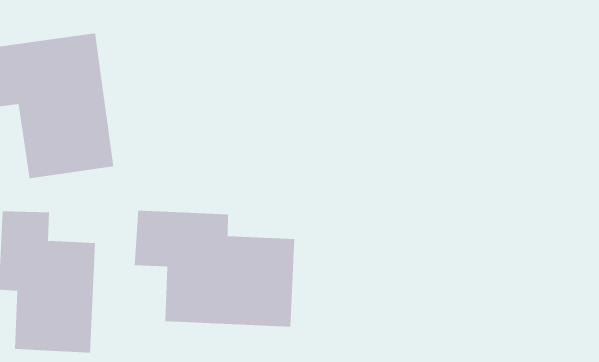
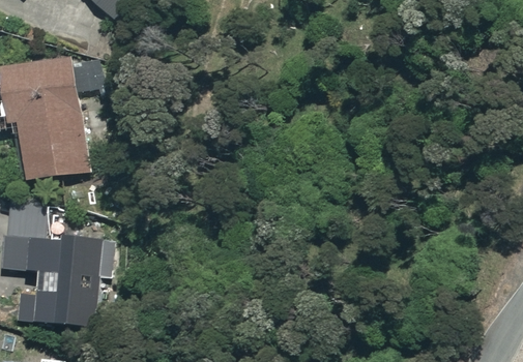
building: [134,210,295,328] -> none

